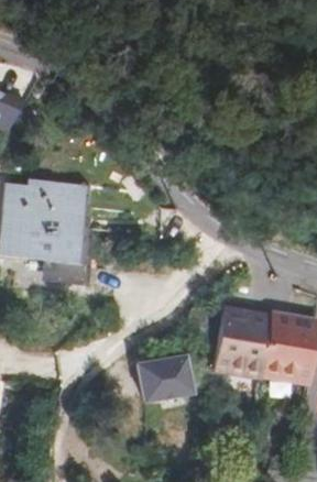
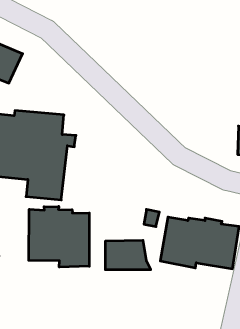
building: none -> [29,206,89,267]

